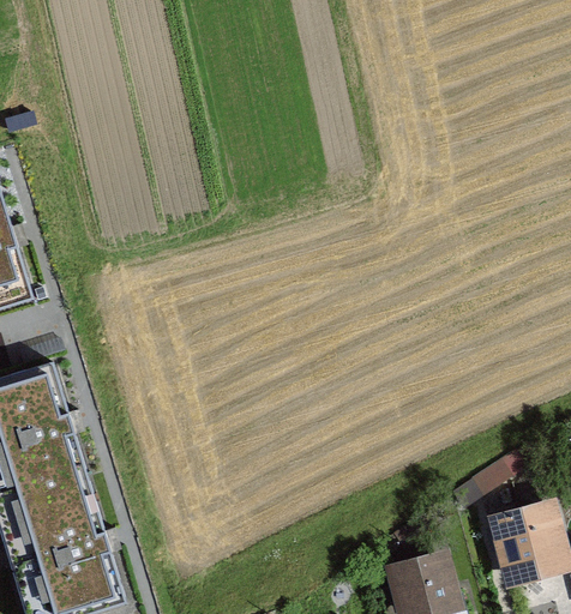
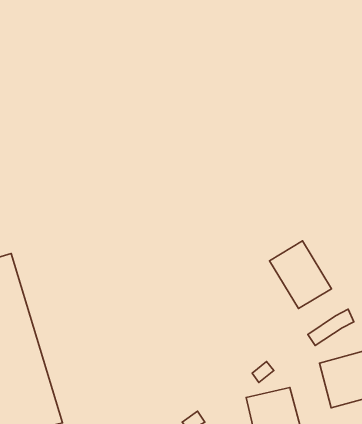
building: none -> [269,241,331,309]

